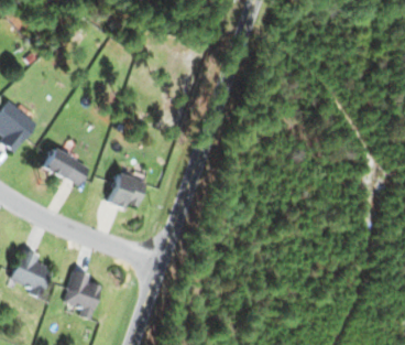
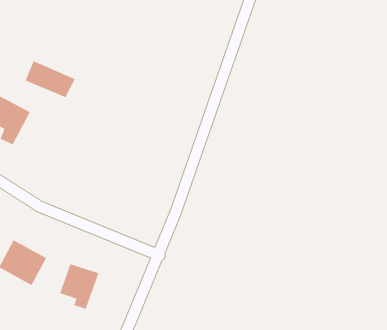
building: [40,147,91,185] -> [24,60,76,98]
building: [108,173,145,209] -> none

